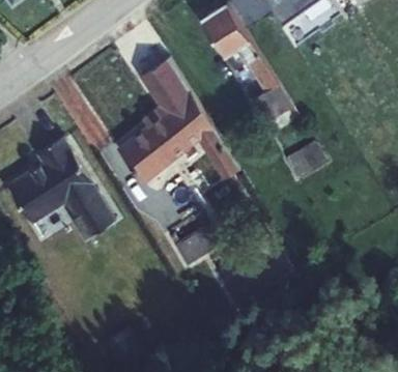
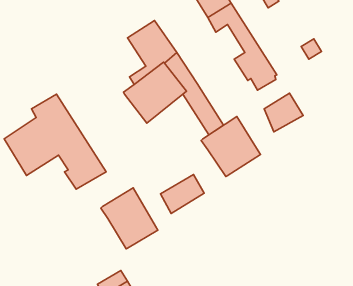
building: [118,137,160,181] -> none
building: none -> [201,117,261,177]
building: none -> [101,188,158,249]

